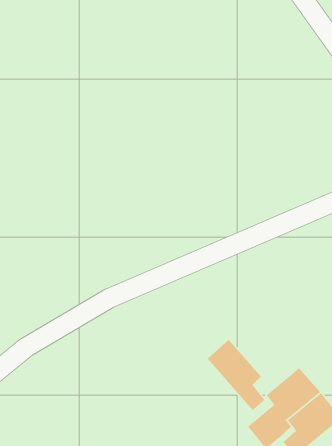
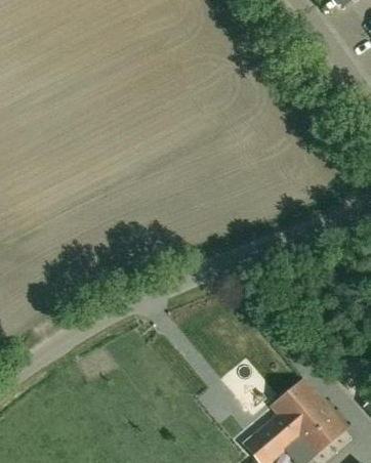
building: [207,339,266,411] -> none

